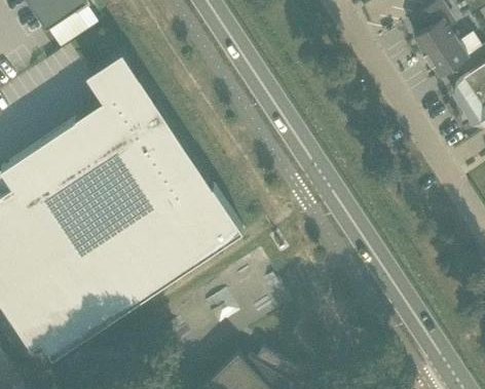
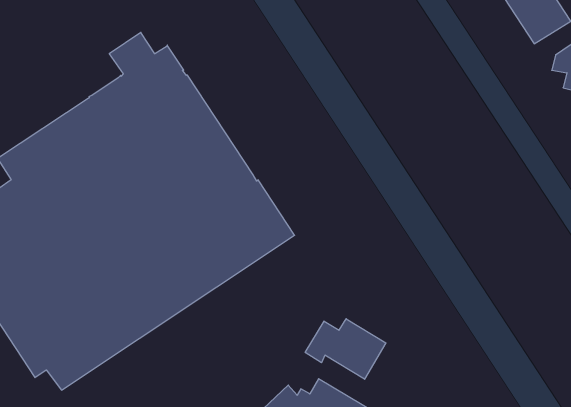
building: none -> [305,319,386,379]

